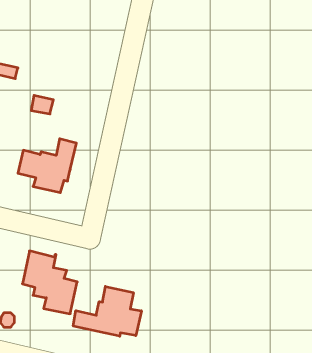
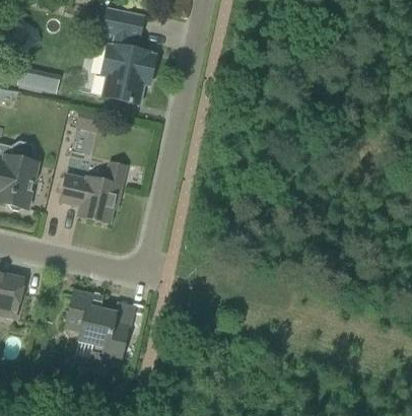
building: none -> [100,7,155,103]
building: [73,286,141,336] -> none

